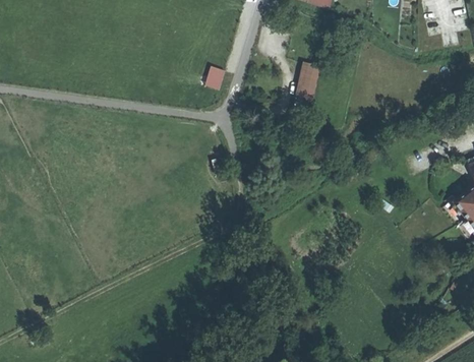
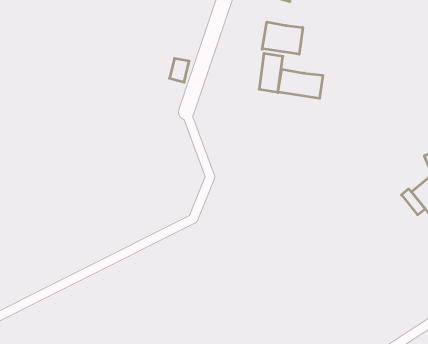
building: none -> [262,22,303,54]
building: none -> [278,69,323,98]

